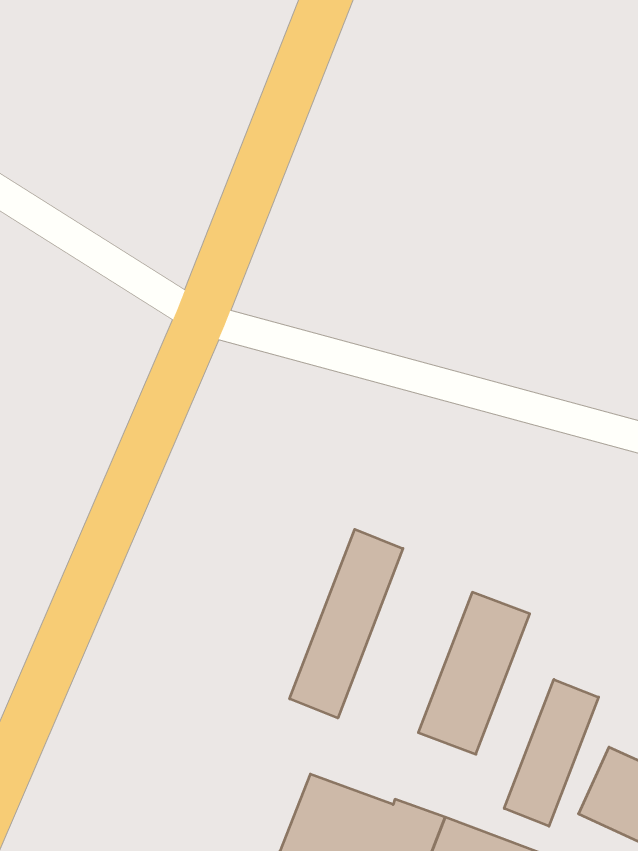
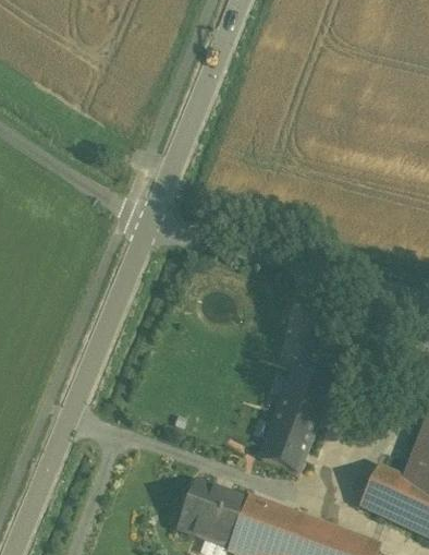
building: [290,529,403,718] -> none
building: [504,679,599,826] -> none

